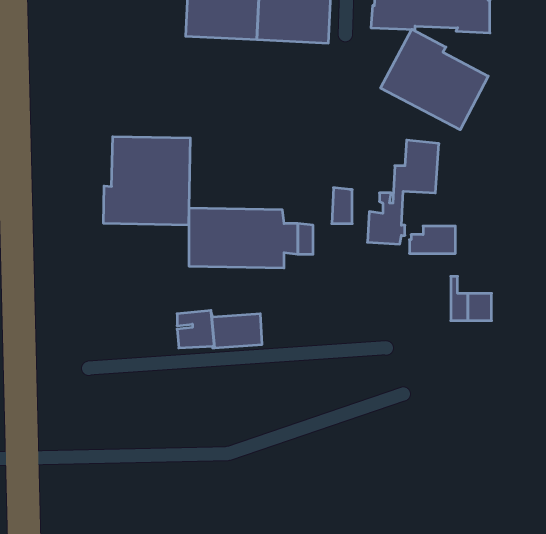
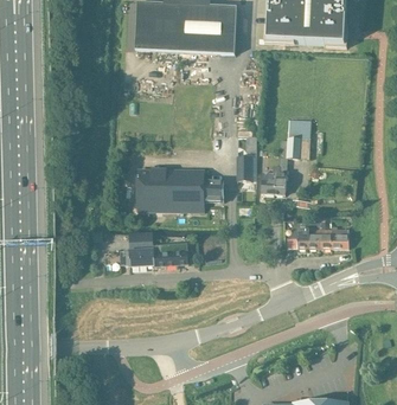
building: [381,29,488,130] -> none
building: [104,137,190,225] -> none
building: [409,226,455,253] -> [288,227,320,246]

